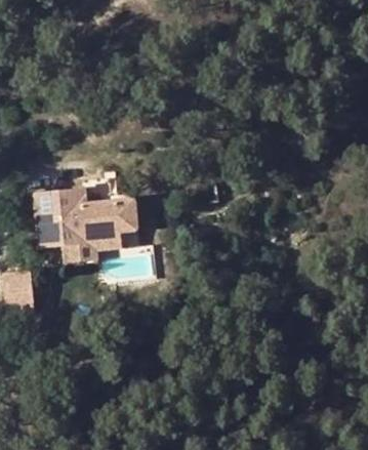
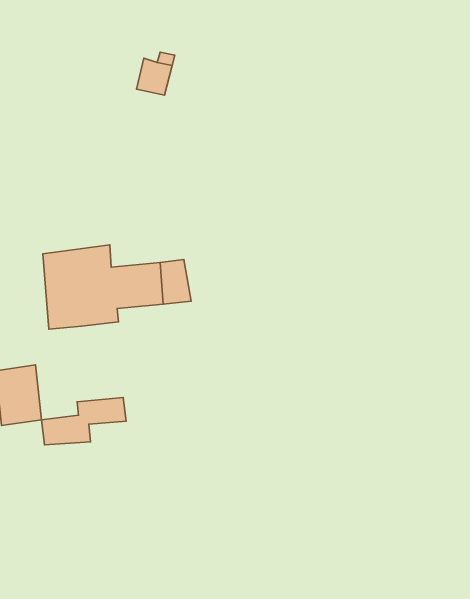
building: [63,229,121,261] -> [41,397,126,445]

